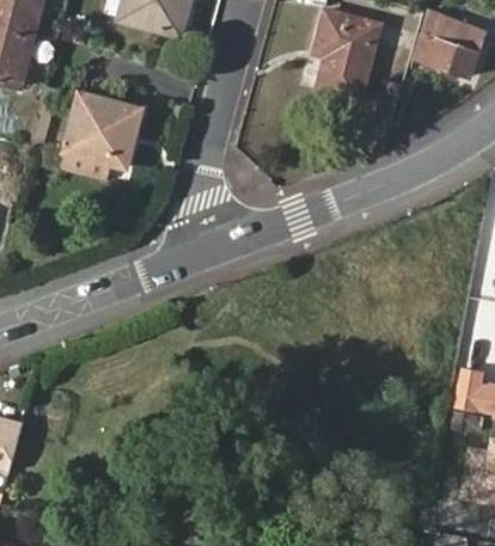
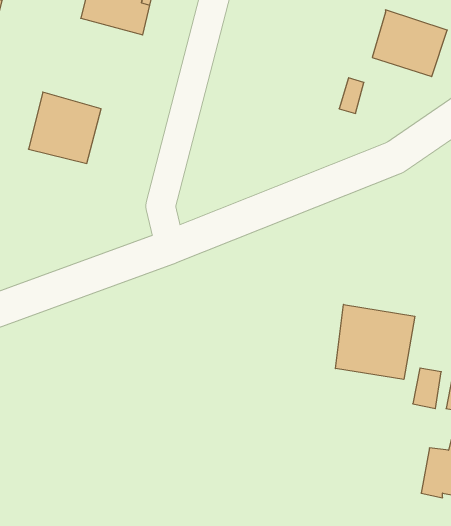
building: [313,12,379,100] -> none
building: none -> [335,304,415,379]

